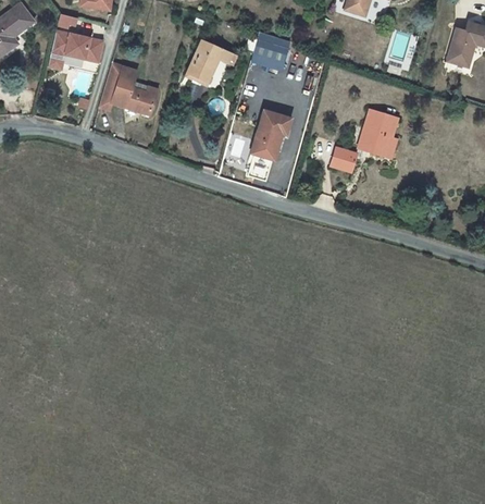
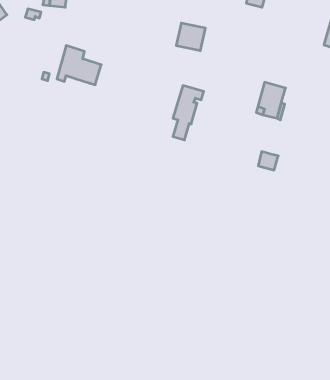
building: [48,30,103,70] -> none
building: [186,39,235,91] -> none
building: [331,150,357,174] -> [258,152,278,170]

